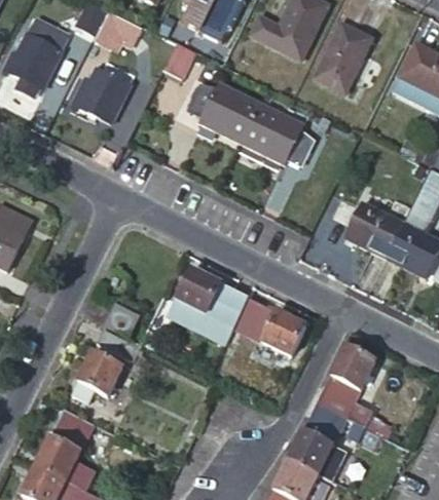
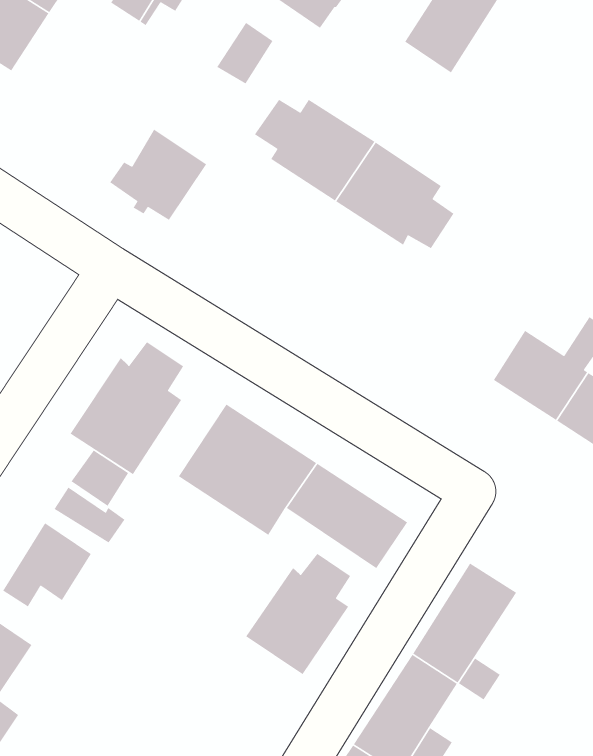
building: [318,24,372,88] -> none
building: [73,68,130,121] -> [109,128,207,221]
building: none -> [69,341,184,475]
building: none -> [245,553,351,675]

